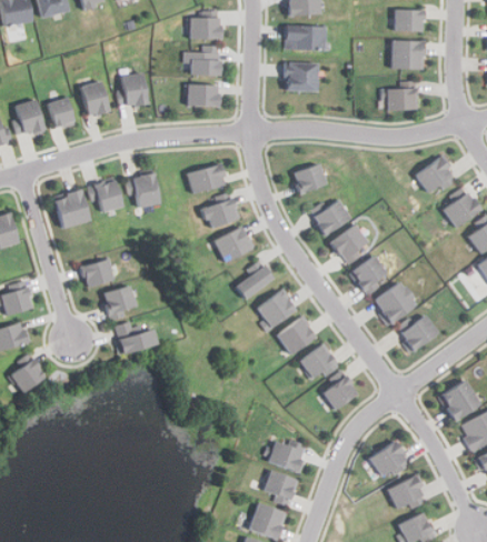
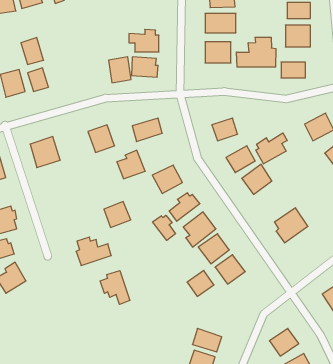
building: [188,16,223,39] -> none
building: none -> [236,37,276,67]
building: [118,71,148,106] -> [109,57,131,83]
building: [81,79,111,114] -> [21,38,44,64]
building: [87,177,123,210] -> none
building: none -> [256,133,287,164]
building: [205,190,242,228] -> [117,150,145,179]
building: [349,253,390,294] -> none
building: [80,257,116,287] -> none
building: [102,284,138,319] -> [104,202,131,227]
building: none -> [153,215,176,240]
building: [398,310,439,351] -> none
building: none -> [100,271,130,304]
building: [322,375,358,410] -> [187,270,214,296]

